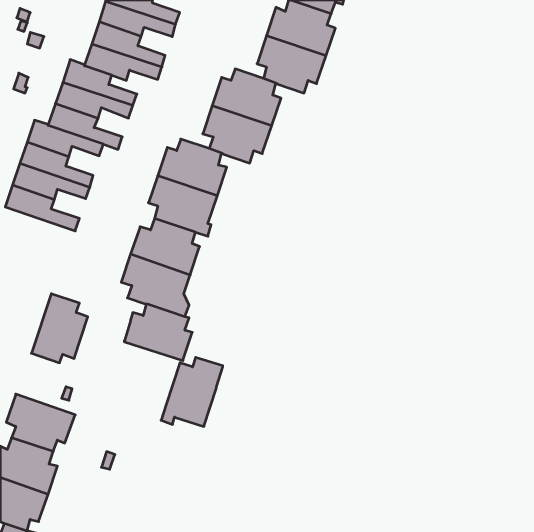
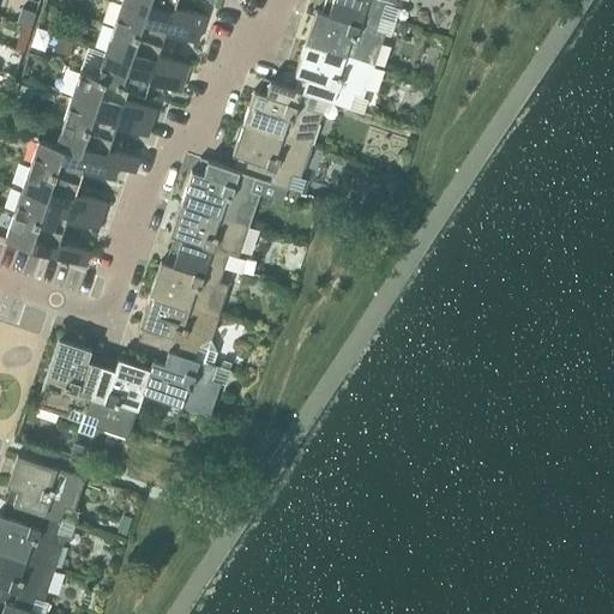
building: [161,357,223,426] -> [79,360,150,439]

